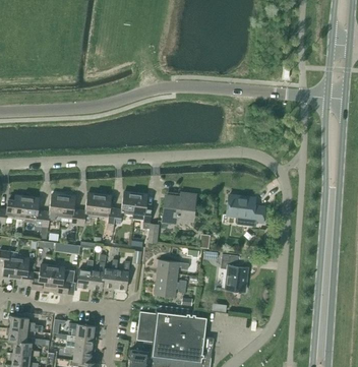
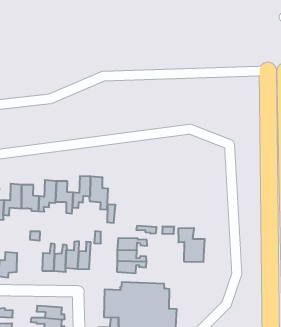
building: [162,193,196,223] -> none
building: [227,197,264,227] -> none
building: [51,266,75,295] -> none

